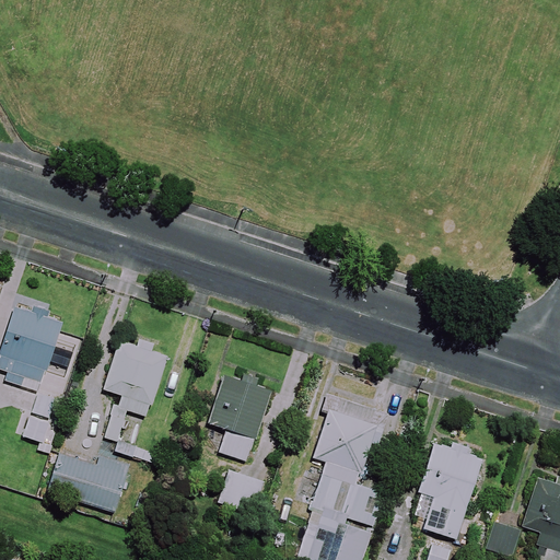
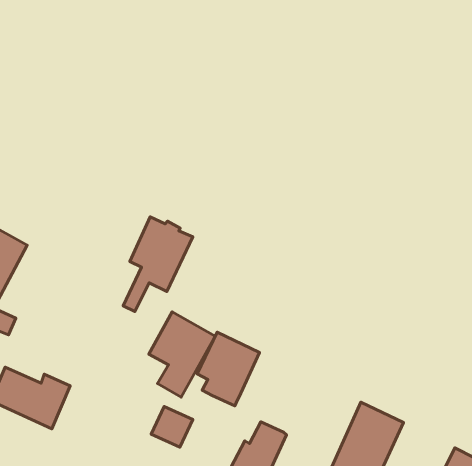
building: [104,339,167,440] -> [123,217,193,311]
building: [314,409,376,483] -> [197,332,260,406]

